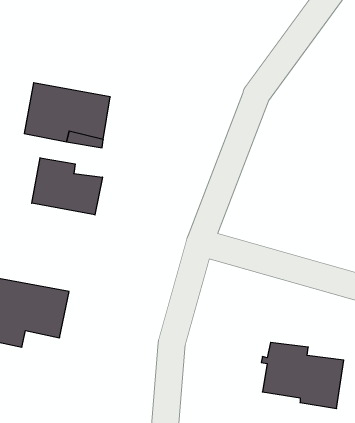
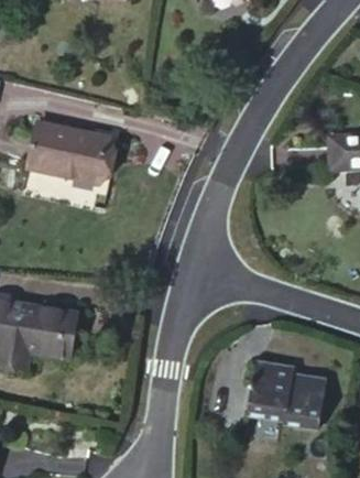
building: [32,158,102,215] -> none

